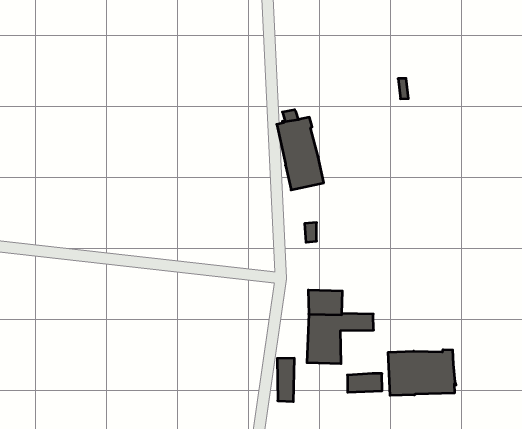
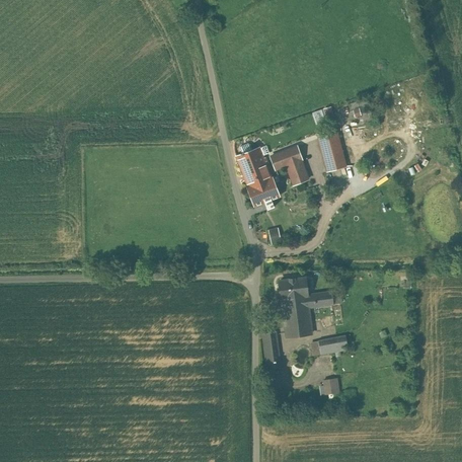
building: none -> [318,130,345,170]
building: none -> [271,145,308,183]
building: [388,350,456,395] -> none

